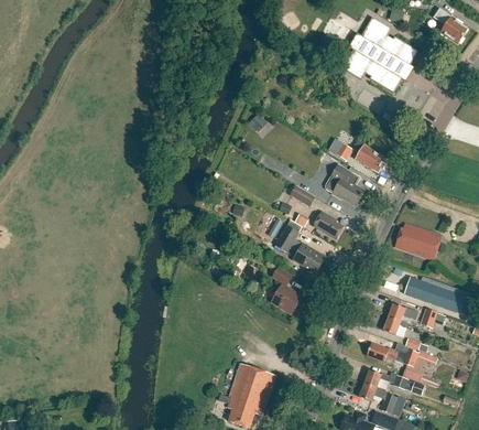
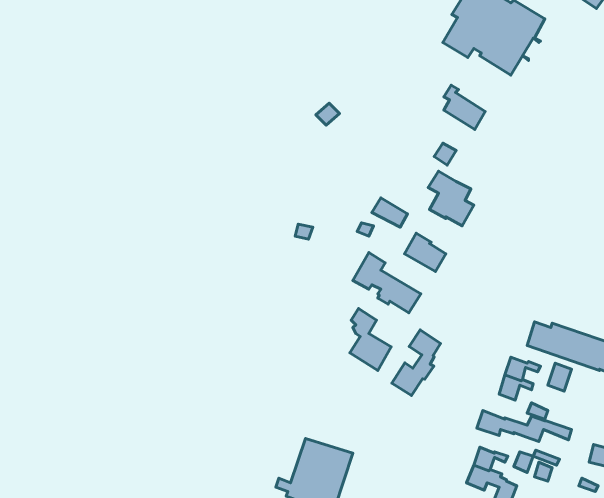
building: [355,139,385,172] -> [444,85,485,129]
building: [394,223,442,259] -> none
building: none -> [392,330,441,395]

